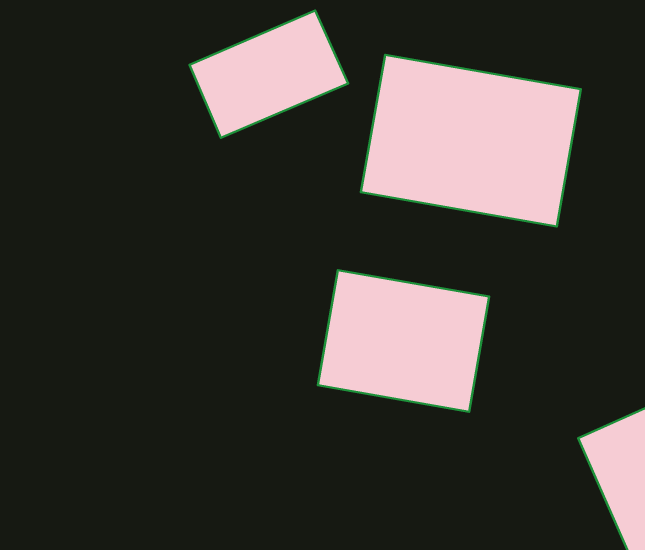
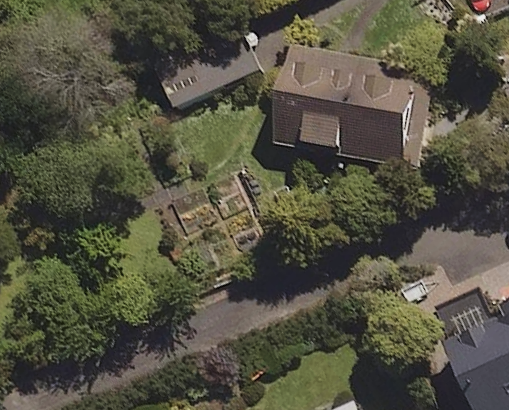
building: [318,270,489,412] -> none

